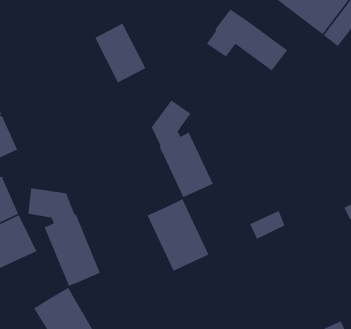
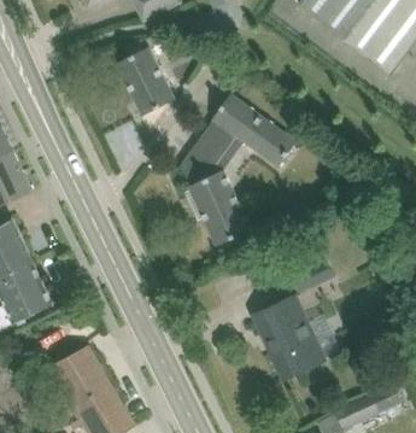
building: [206,8,288,72] -> [203,94,295,165]
building: [28,187,101,287] -> none
building: [147,198,210,272] -> [253,296,324,379]

